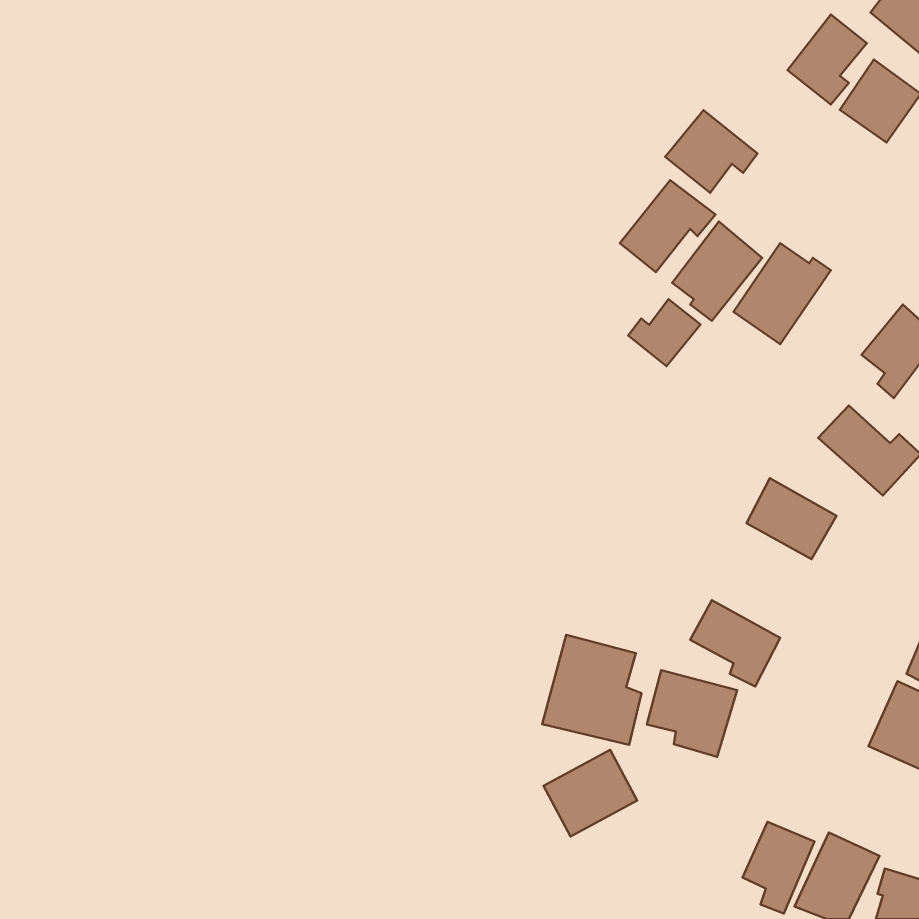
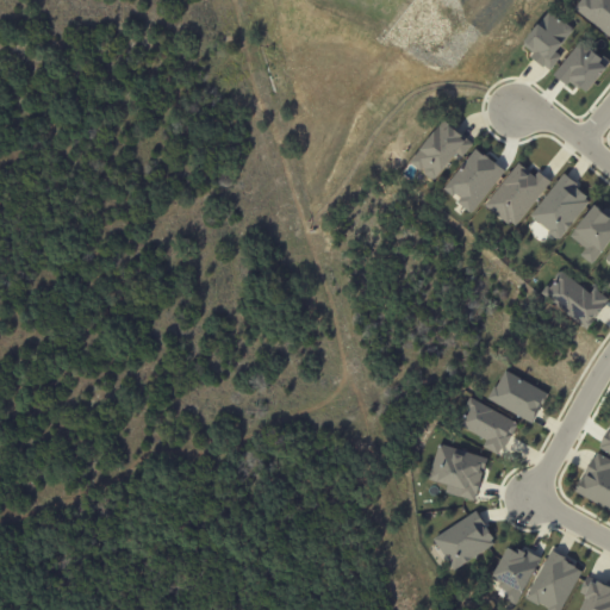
building: [665,110,757,193] -> none
building: none -> [530,173,593,238]
building: [628,299,701,366] -> none
building: [747,478,837,559] -> [490,368,549,422]
building: [542,635,642,745] -> none
building: [544,750,637,836] -> [435,511,497,568]

